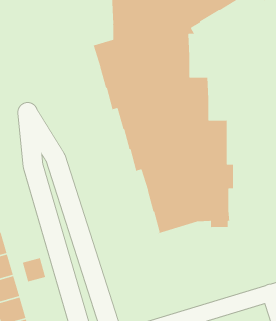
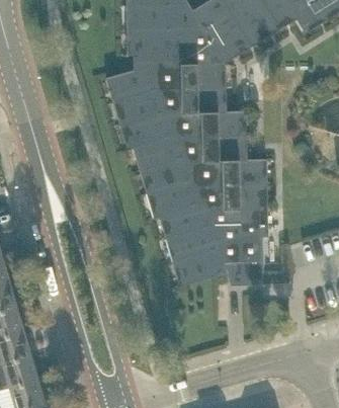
building: [22,257,46,283] -> none

